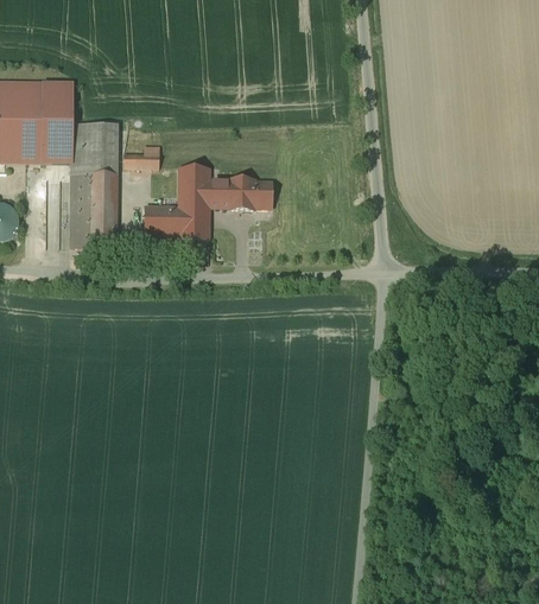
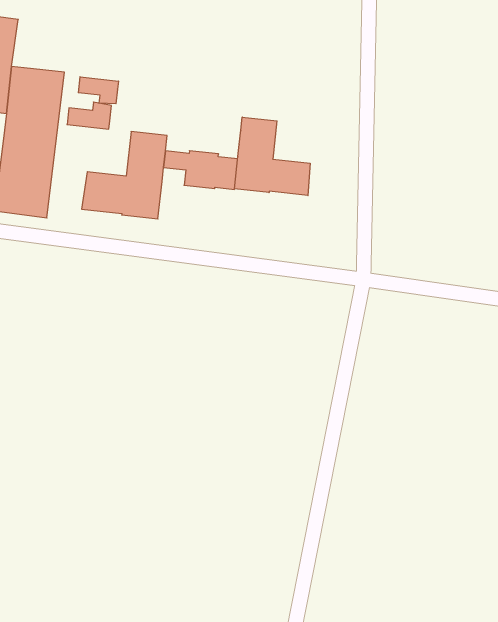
building: none -> [78,77,118,104]
building: none -> [234,117,310,196]

